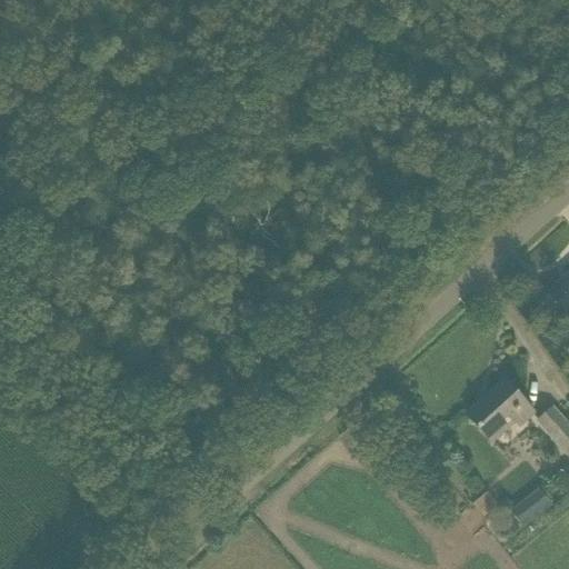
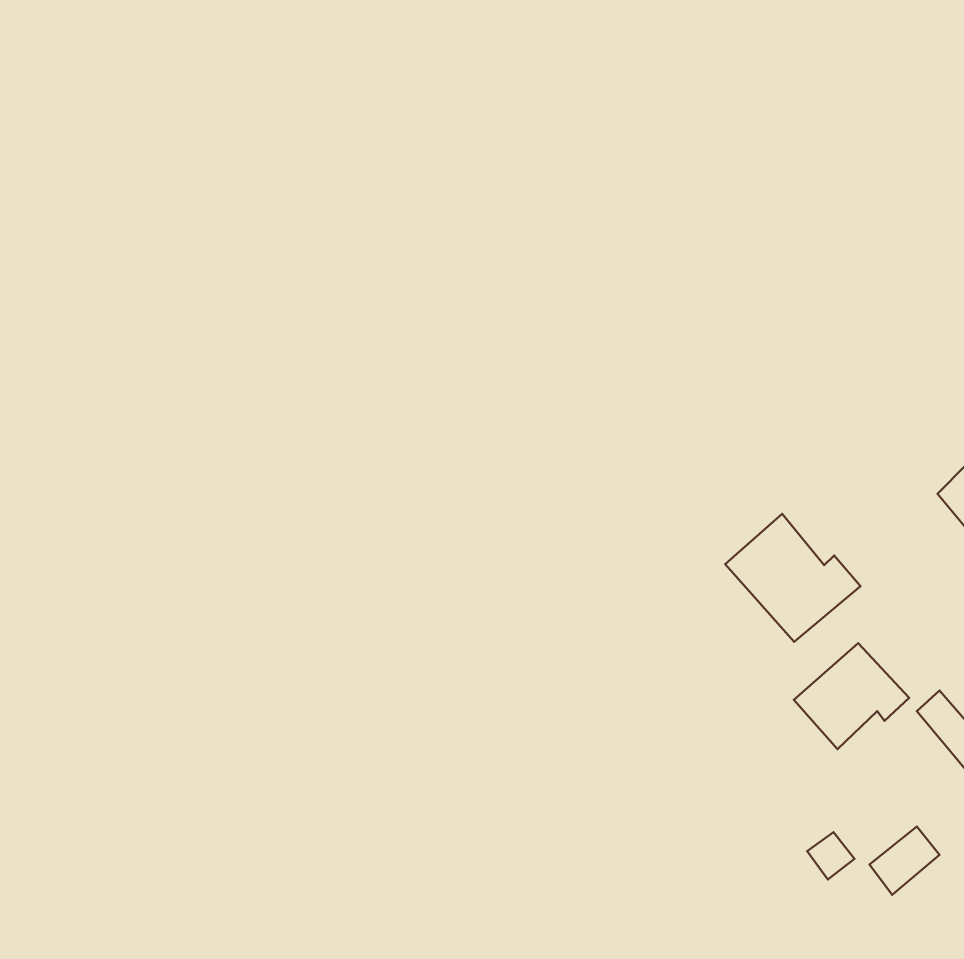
building: none -> [725,514,860,642]

